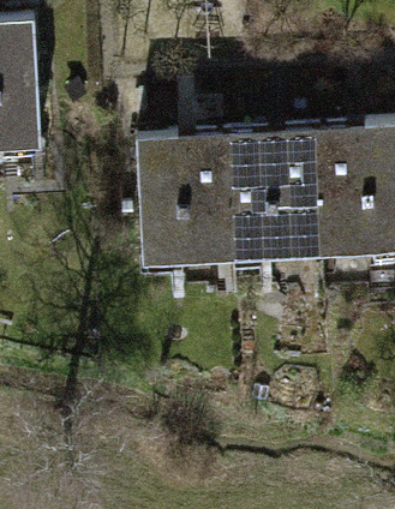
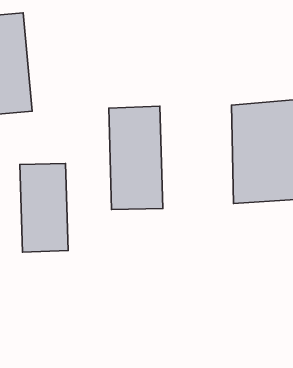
building: [199,133,289,279] -> none
building: none -> [20,163,68,252]

